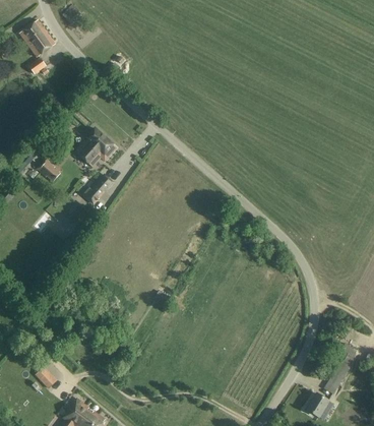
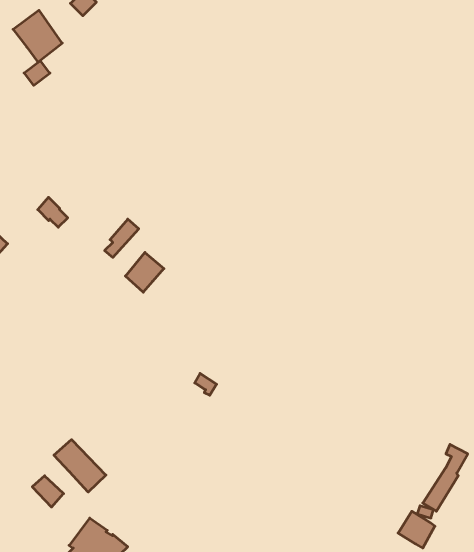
building: [74,128,116,167] -> none
building: none -> [125,252,164,292]
building: none -> [54,440,106,492]

